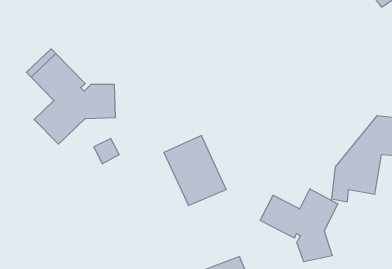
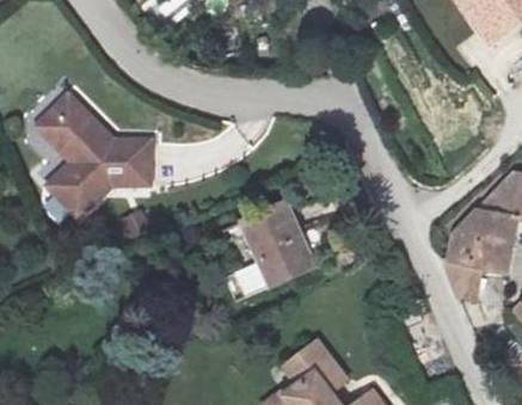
building: [260,189,338,262] -> none

